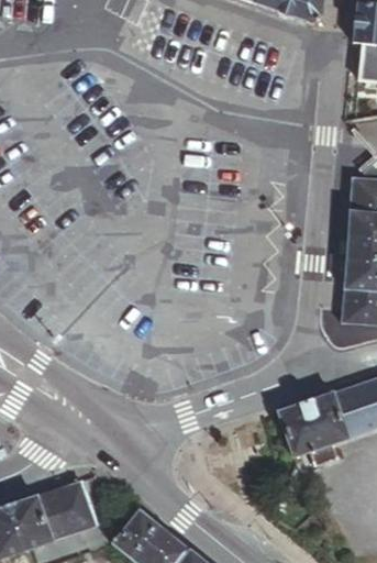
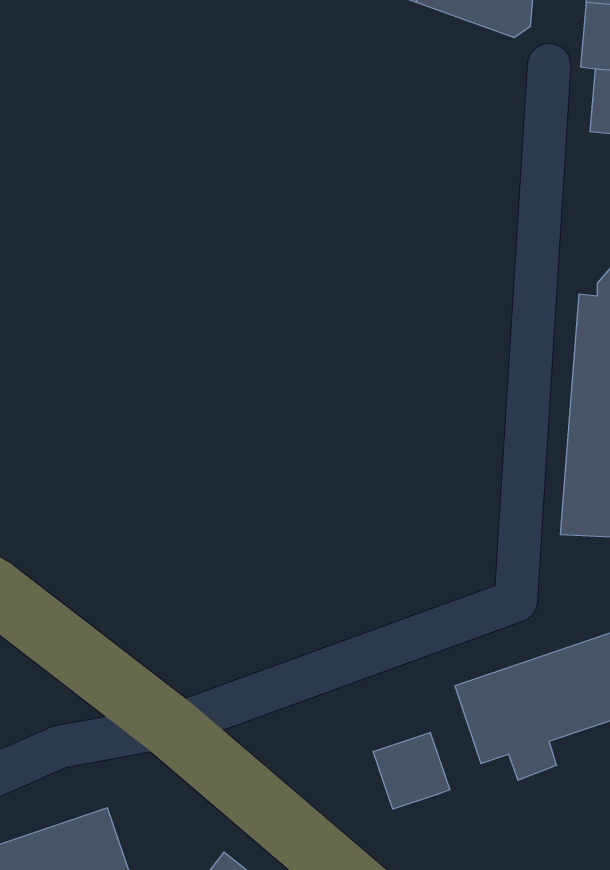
building: none -> [373,732,450,809]

